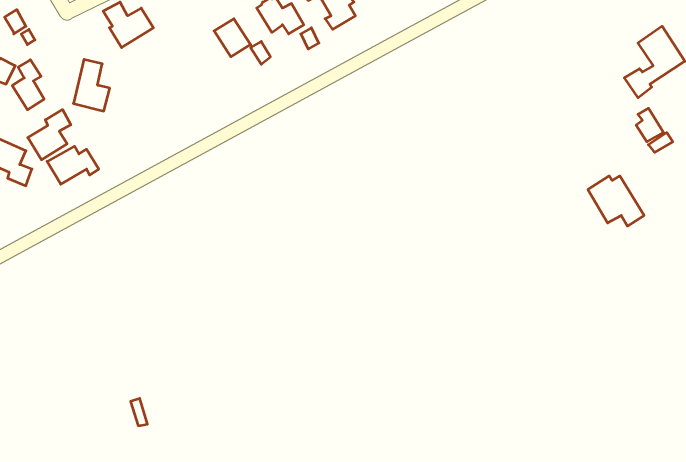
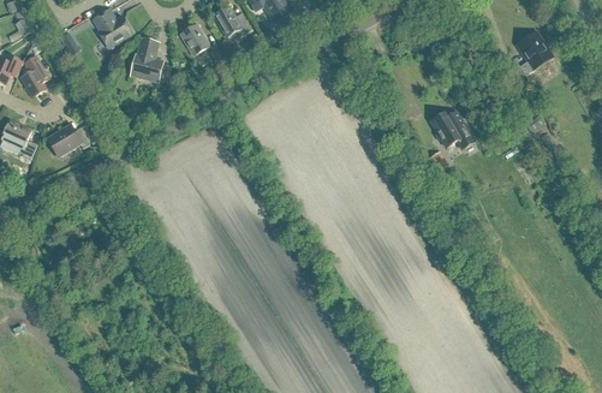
building: [73,59,110,111] -> [133,38,162,79]
building: [28,110,71,160] -> none
building: [588,176,644,226] -> [430,109,475,149]

